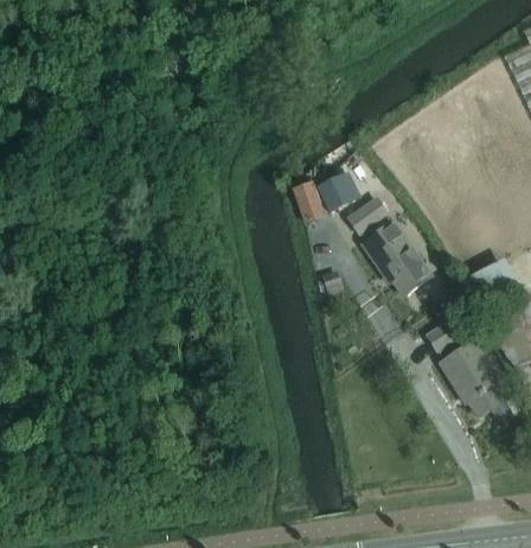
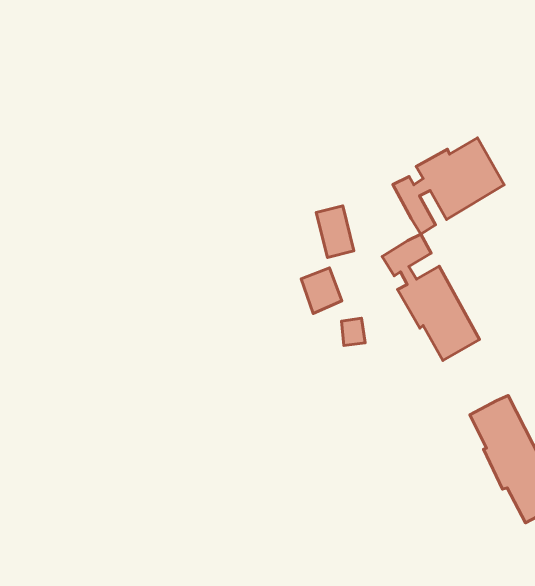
building: none -> [393,138,504,234]
building: [318,176,351,212] -> [301,268,342,313]

